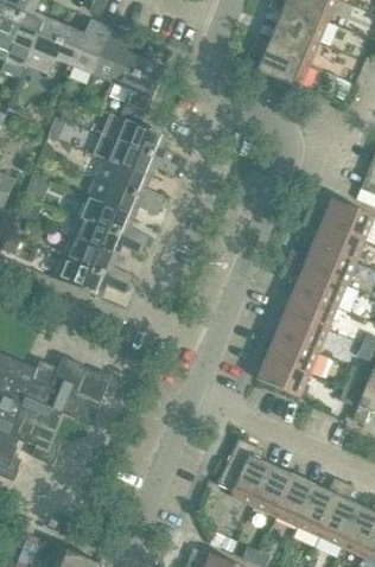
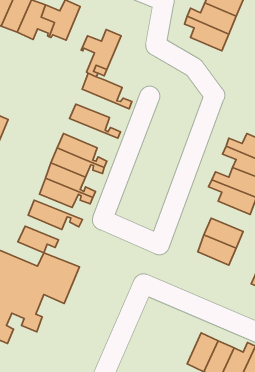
building: [91,28,145,87] -> none
building: [104,139,176,177] -> none
building: [88,178,160,217] -> [28,200,82,229]
building: [285,288,337,329] -> none
building: none -> [18,226,59,253]
building: [256,356,309,396] -> none
building: [217,437,272,505] -> none

